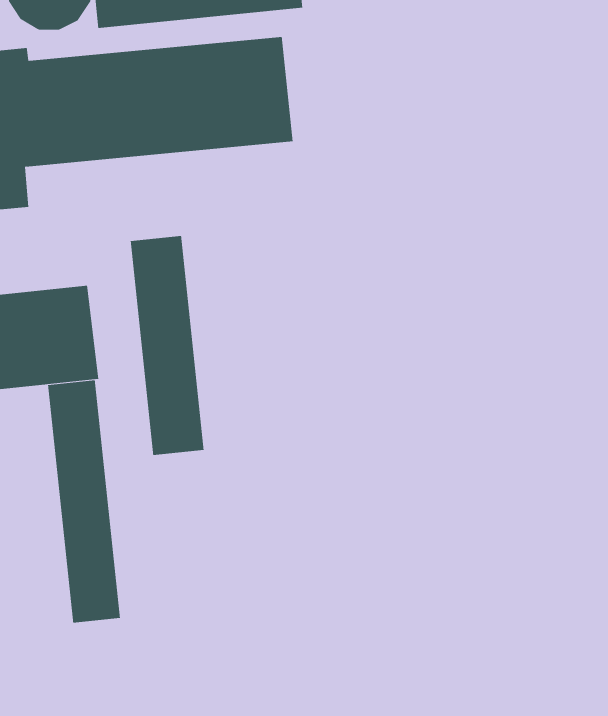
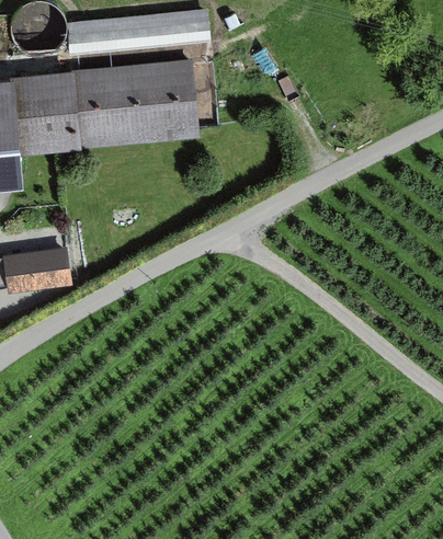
building: [130,235,204,456] -> none
building: [48,380,120,623] -> none

